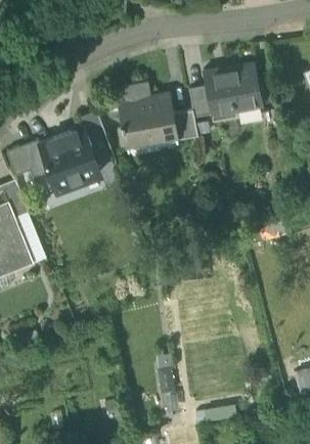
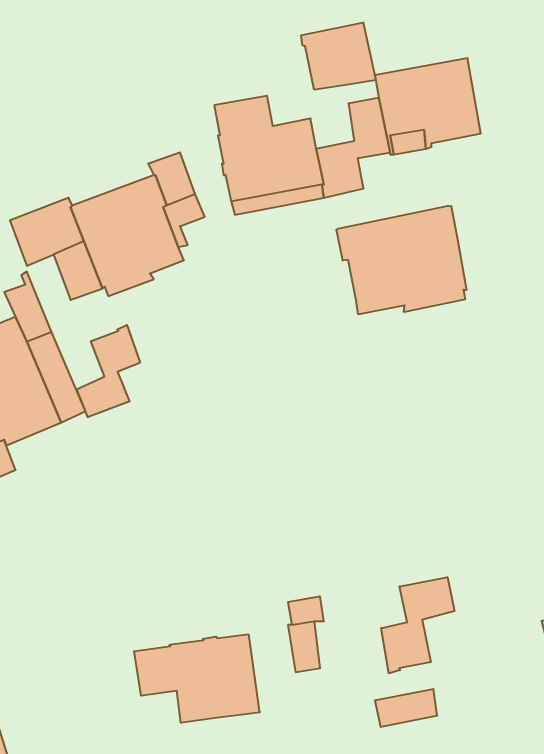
building: none -> [301,22,376,90]
building: none -> [336,206,467,314]
building: none -> [77,325,140,417]
building: none -> [381,577,454,673]
building: none -> [134,634,260,723]

